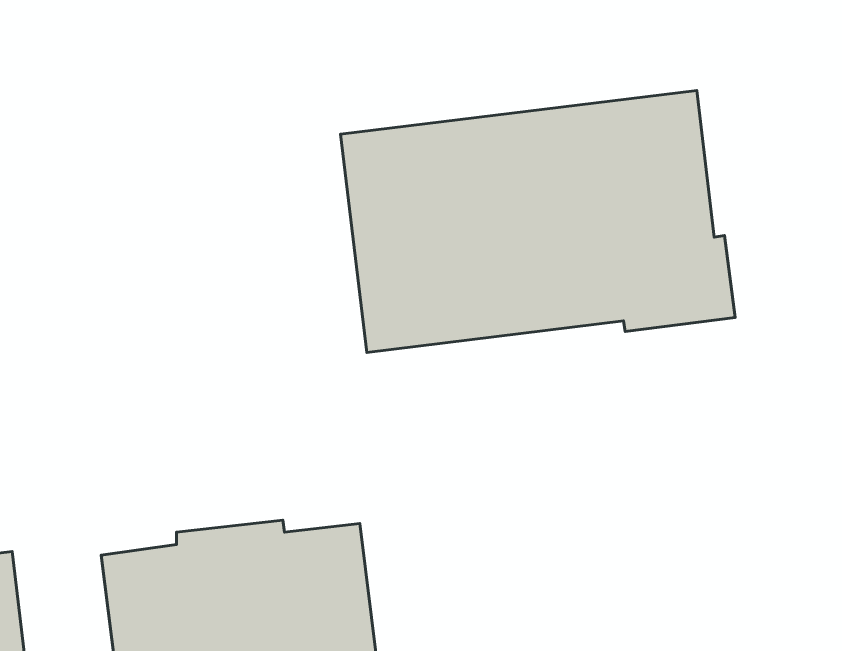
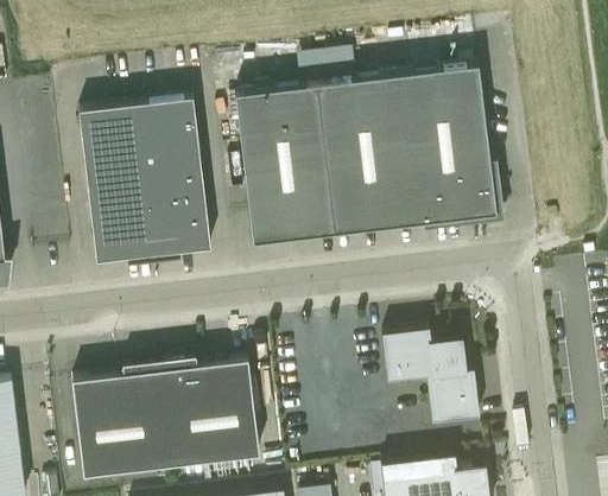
building: none -> [77,98,210,265]
building: none -> [382,330,480,424]

